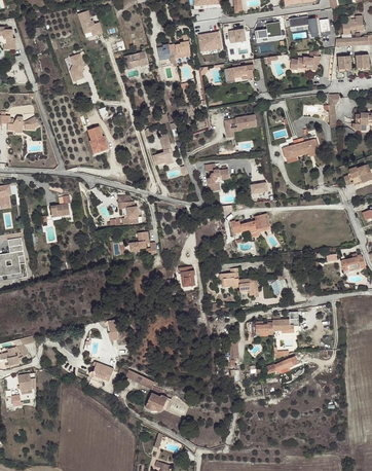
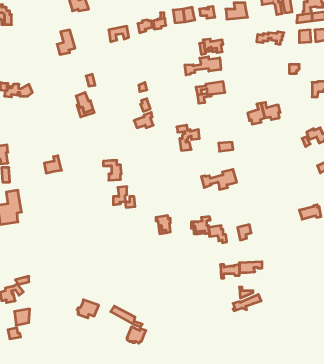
building: none -> [185,57,221,75]

